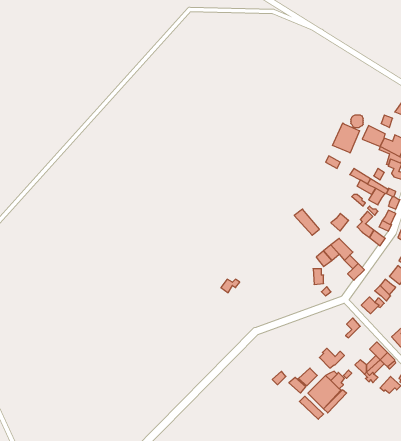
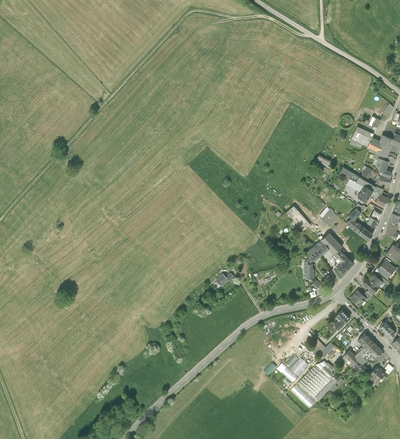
building: [332,123,360,153] -> none

